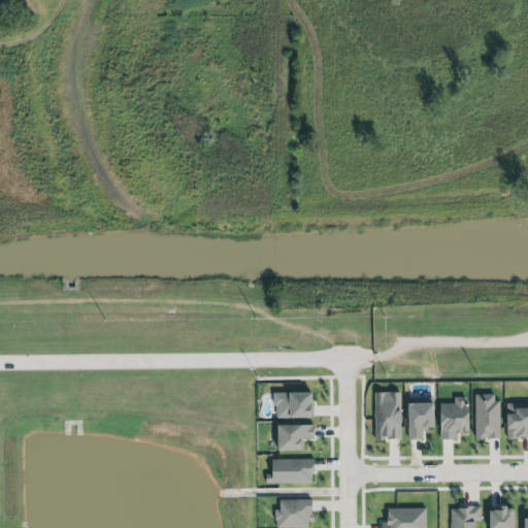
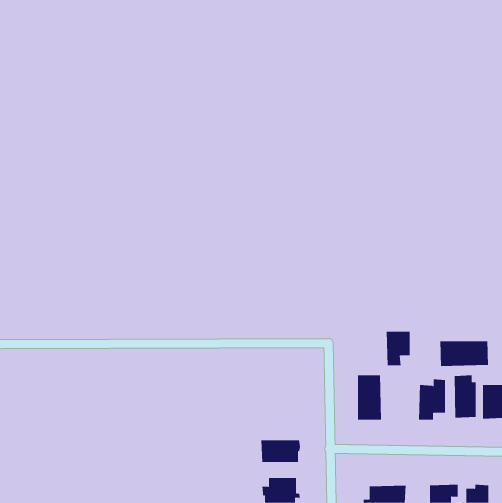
building: none -> [440,341,488,367]
building: [275,392,314,418] -> none
building: [407,403,433,439] -> [386,331,410,366]
building: [276,425,315,451] -> none

